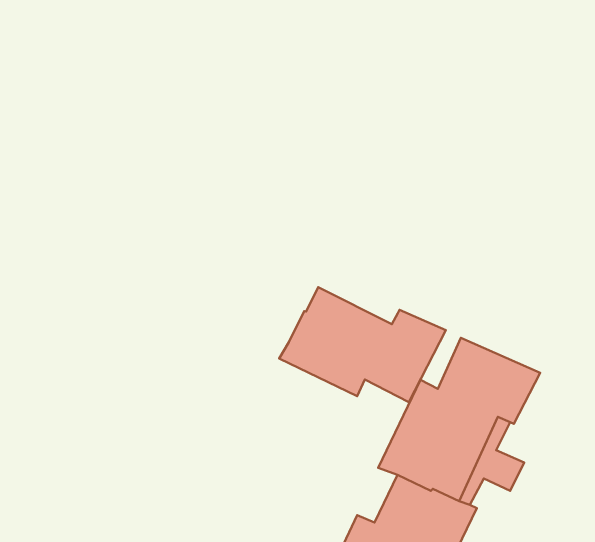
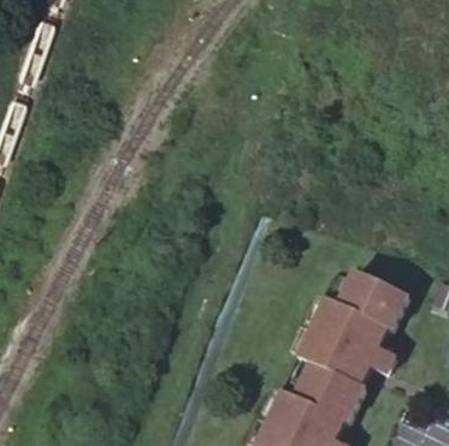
building: [279,287,446,402] -> none

